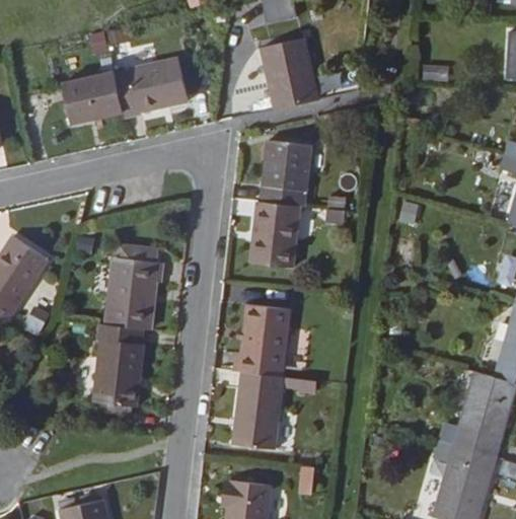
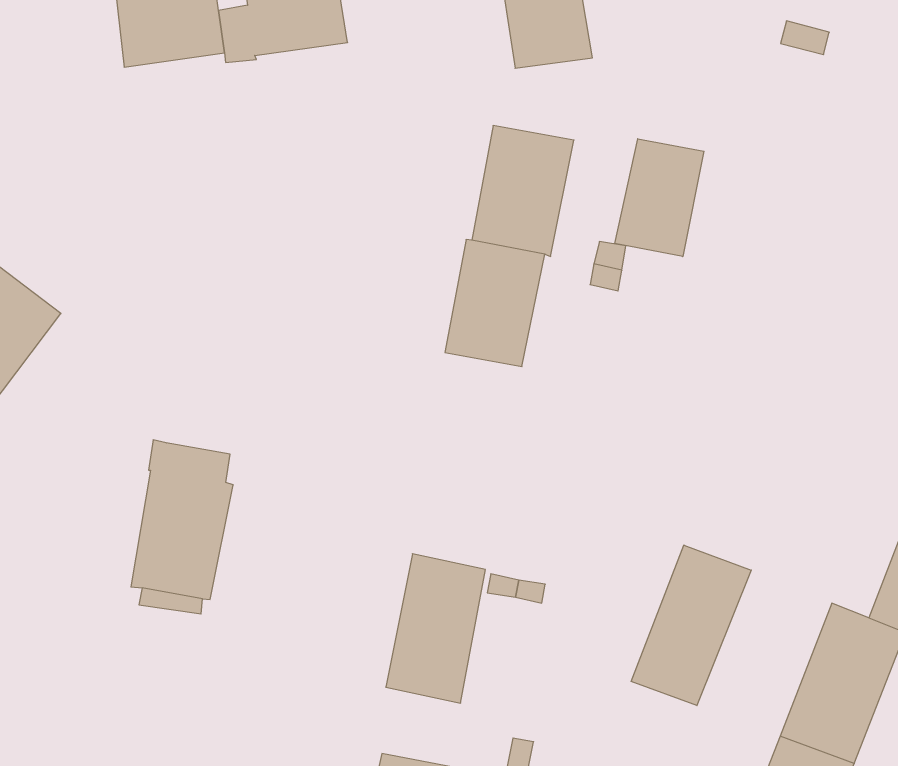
building: none -> [615,139,704,257]
building: [108,253,164,326] -> none
building: [234,302,293,375] -> none
building: none -> [631,545,751,706]

